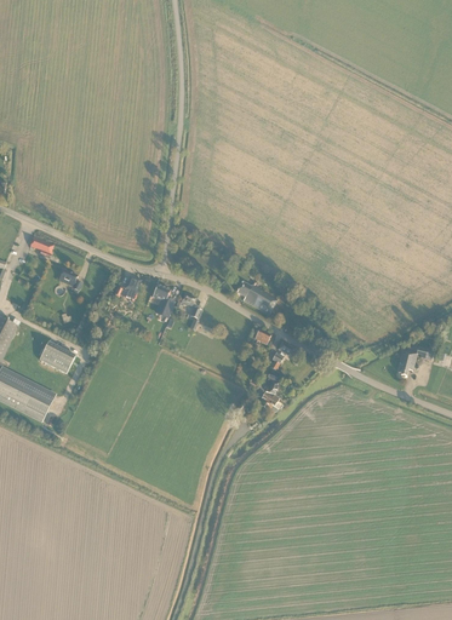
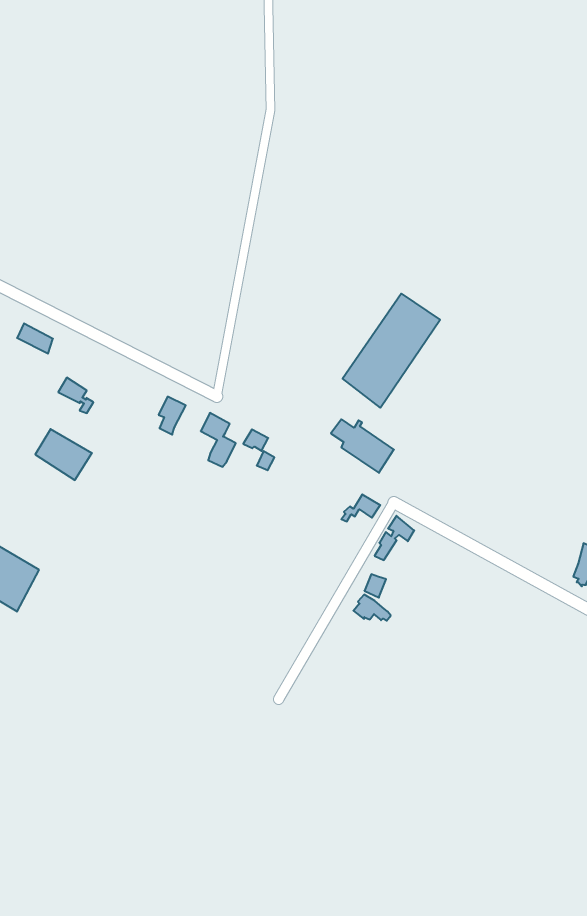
building: none -> [343,294,440,408]
building: [39,341,75,373] -> [35,429,92,480]

